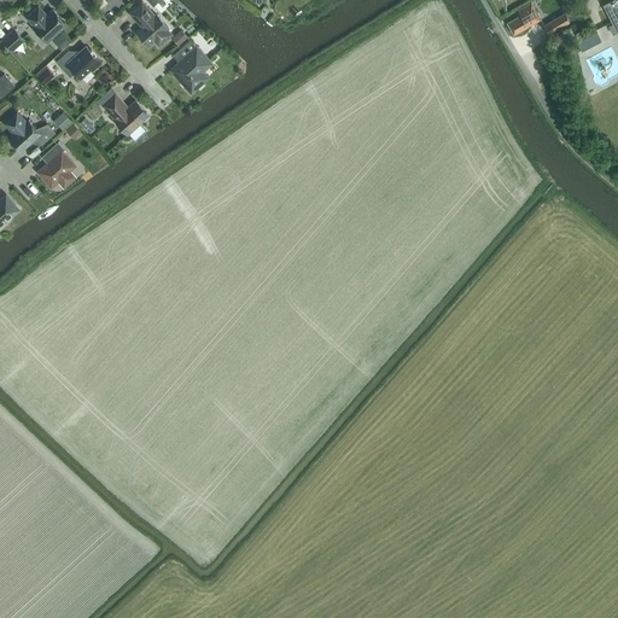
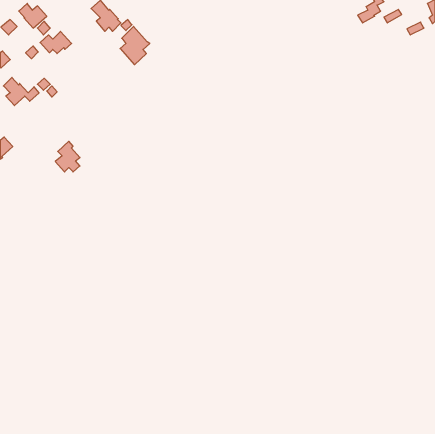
building: [103,92,148,133] -> none
building: [39,141,74,185] -> [55,141,80,172]

